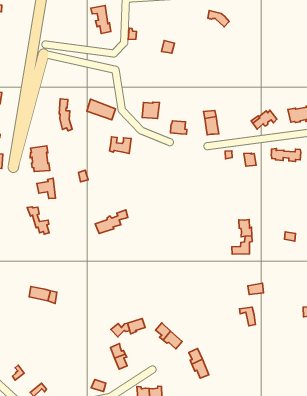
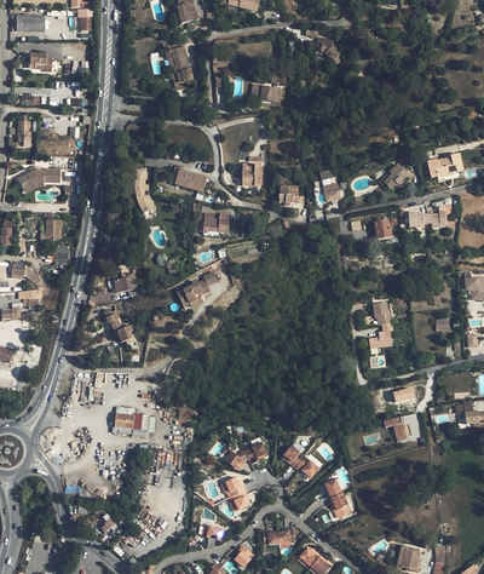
building: [30,146,50,172] -> none
building: [95,210,128,233] -> [175,271,217,304]

